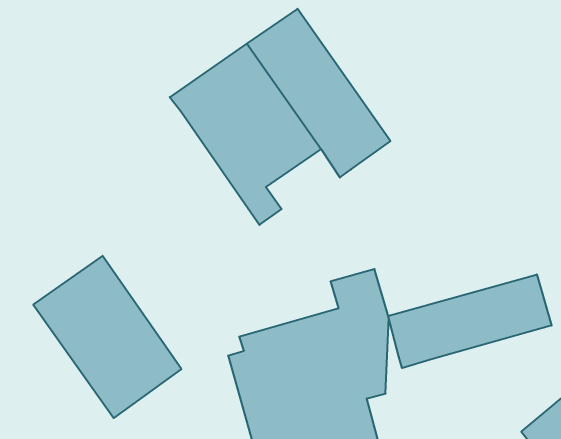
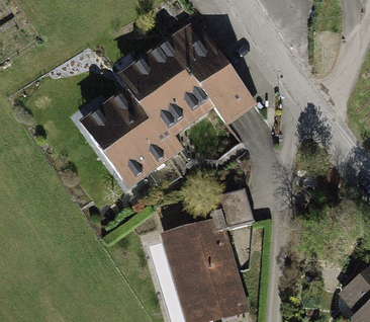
building: [33,256,181,418] -> [77,86,172,190]
building: [388,274,552,368] -> none

